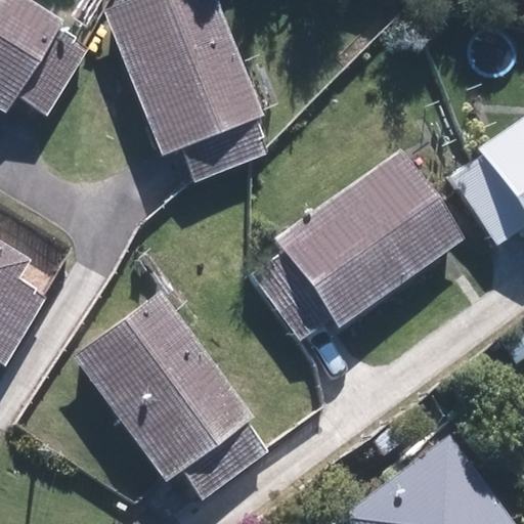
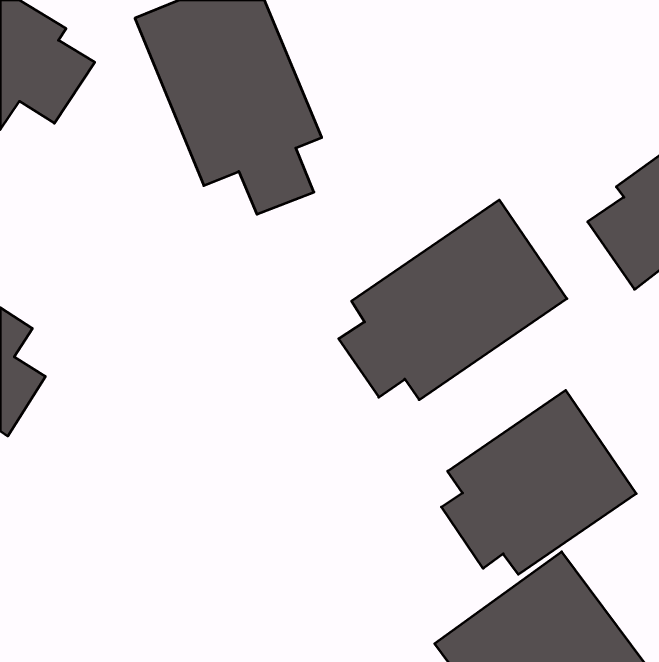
building: [80,300,252,479] -> none
building: none -> [441,390,636,574]

